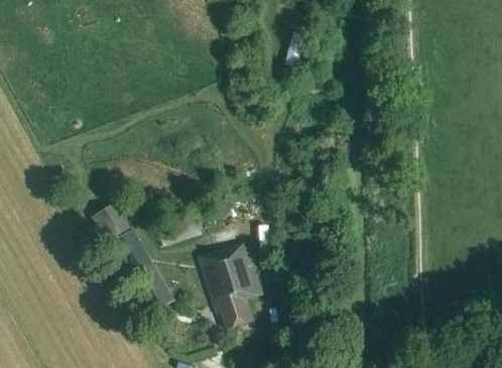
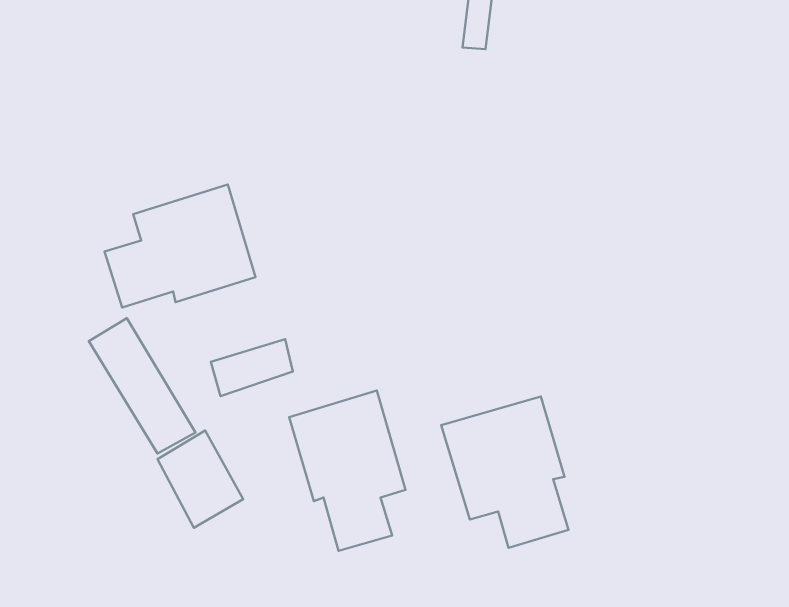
building: none -> [105,184,256,308]
building: none -> [441,397,569,548]

